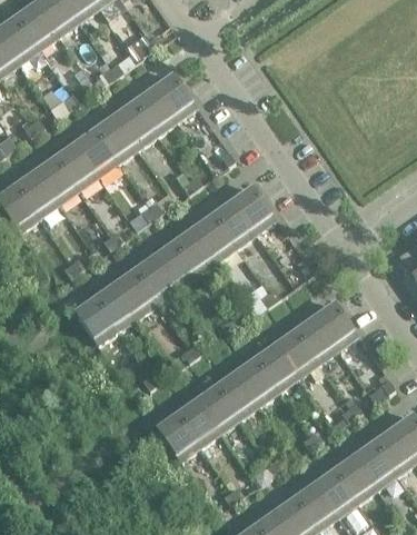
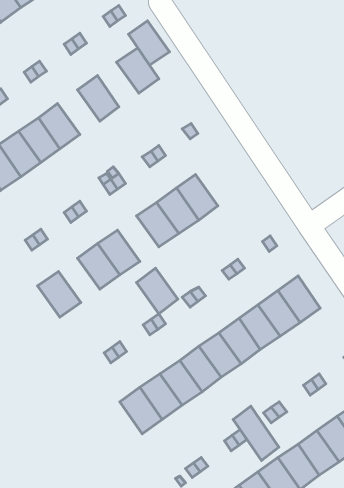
building: [135,86,176,130] -> [128,21,170,65]
building: [95,113,137,158] -> none
building: [232,184,276,229] -> none
building: [155,239,196,285] -> [137,268,178,314]
building: [96,281,137,326] -> none
building: none -> [233,406,279,460]

